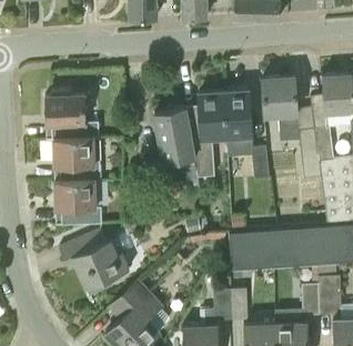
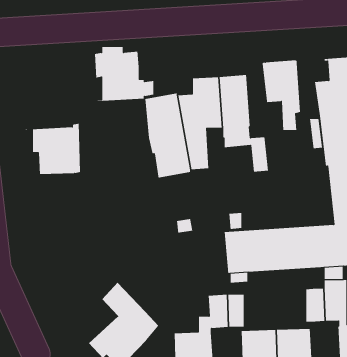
building: [44,89,99,139] -> [94,46,154,101]
building: [54,179,100,224] -> none
building: [59,227,129,294] -> none

